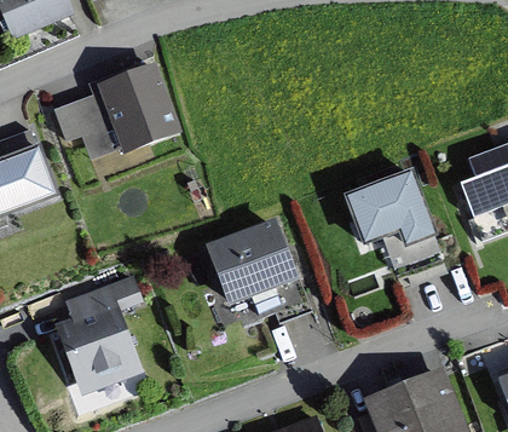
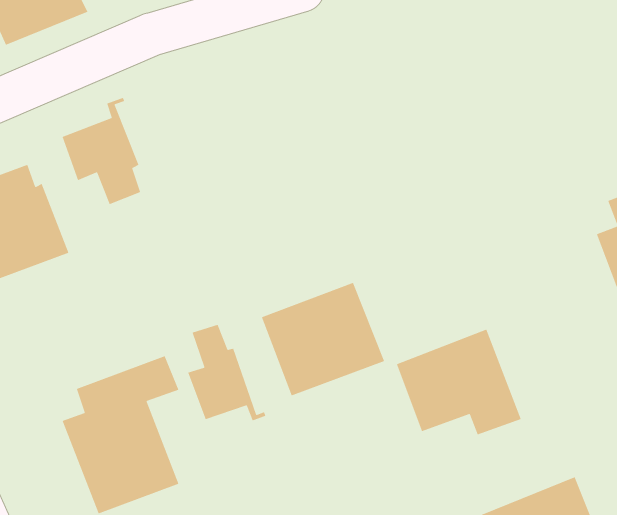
building: [96,61,183,156] -> none
building: [344,168,439,249] -> [396,329,522,435]
building: none -> [187,324,266,421]

